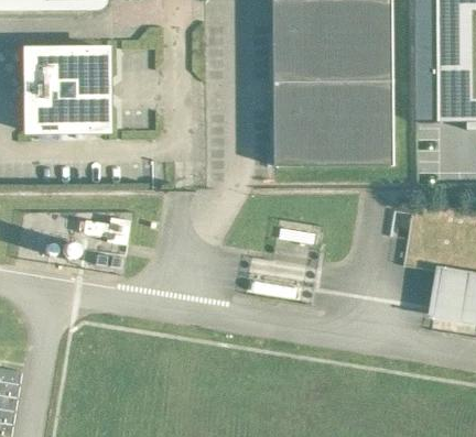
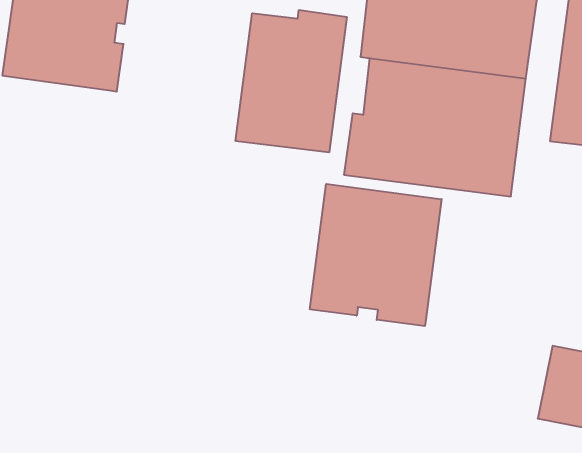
building: none -> [236,10,347,152]
building: none -> [310,184,442,326]

